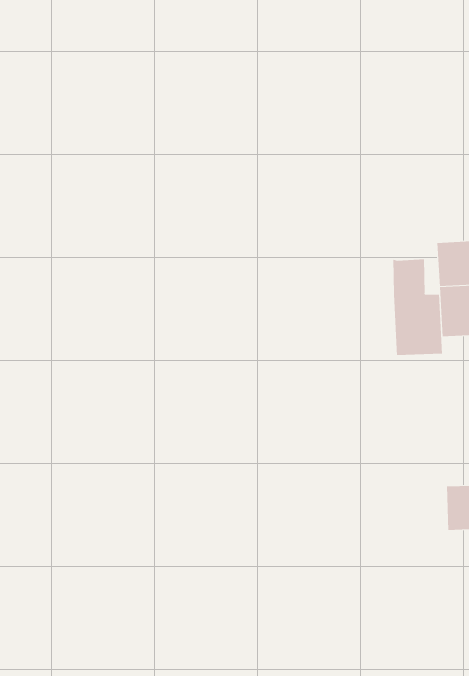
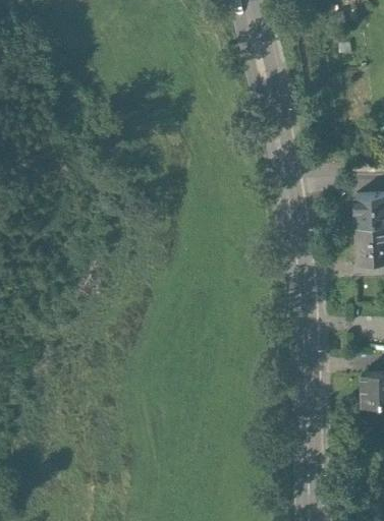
building: [393,259,443,356] -> none

